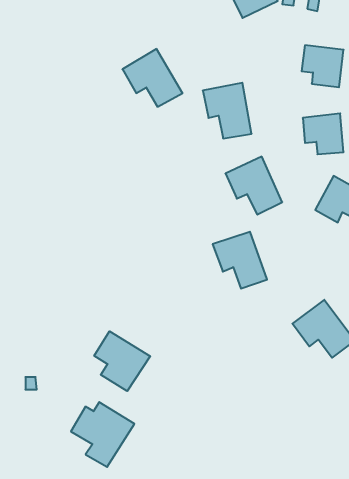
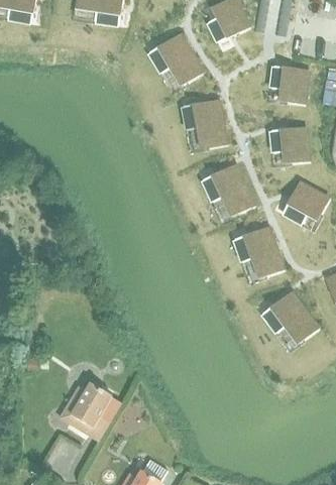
building: [122,49,183,107] -> [150,33,204,85]
building: [213,232,267,289] -> [235,227,284,277]
building: [94,331,150,391] -> none

